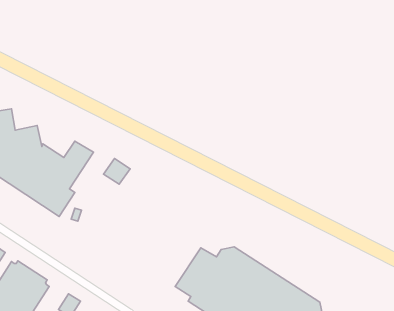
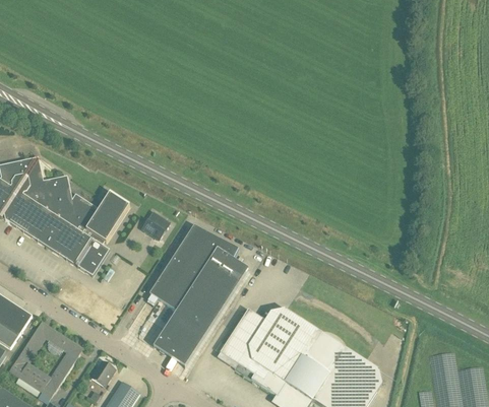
building: none -> [148,225,247,366]

